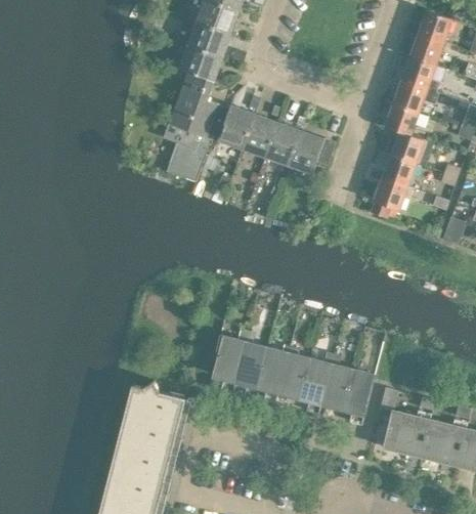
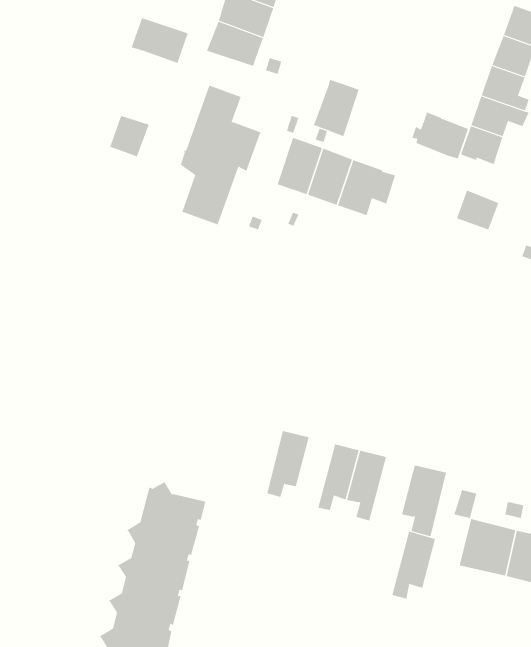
building: [178,44,223,80] -> [131,17,189,63]
building: none -> [109,115,149,157]
building: [217,103,254,148] -> [312,79,360,137]
building: [387,128,432,165] -> [411,112,469,159]
building: [371,175,414,216] -> none
building: [214,334,246,390] -> none
building: [257,346,287,401] -> none
building: [314,361,349,415] -> [391,531,436,599]

